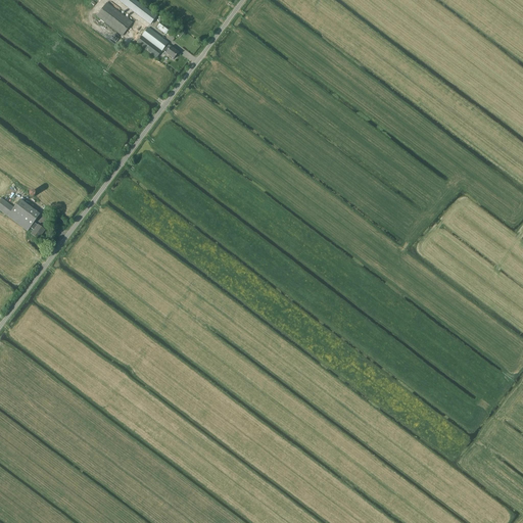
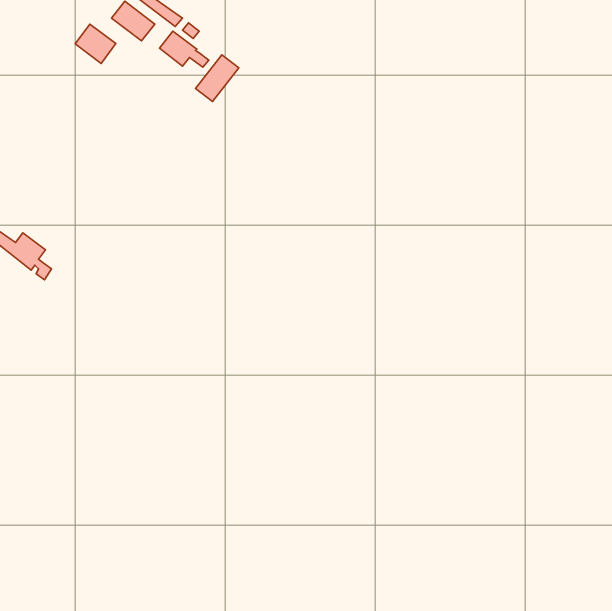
building: none -> [75,24,116,63]
building: none -> [195,55,239,101]

